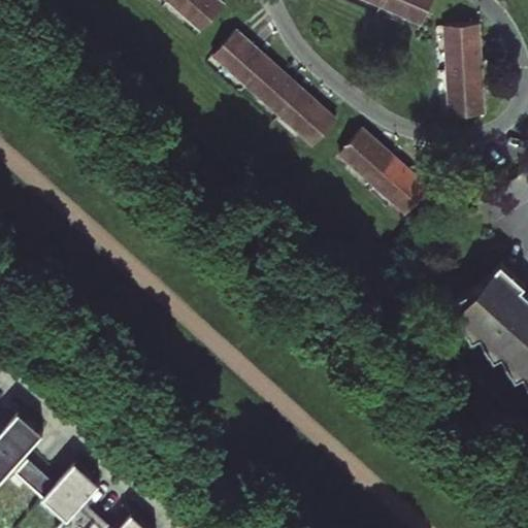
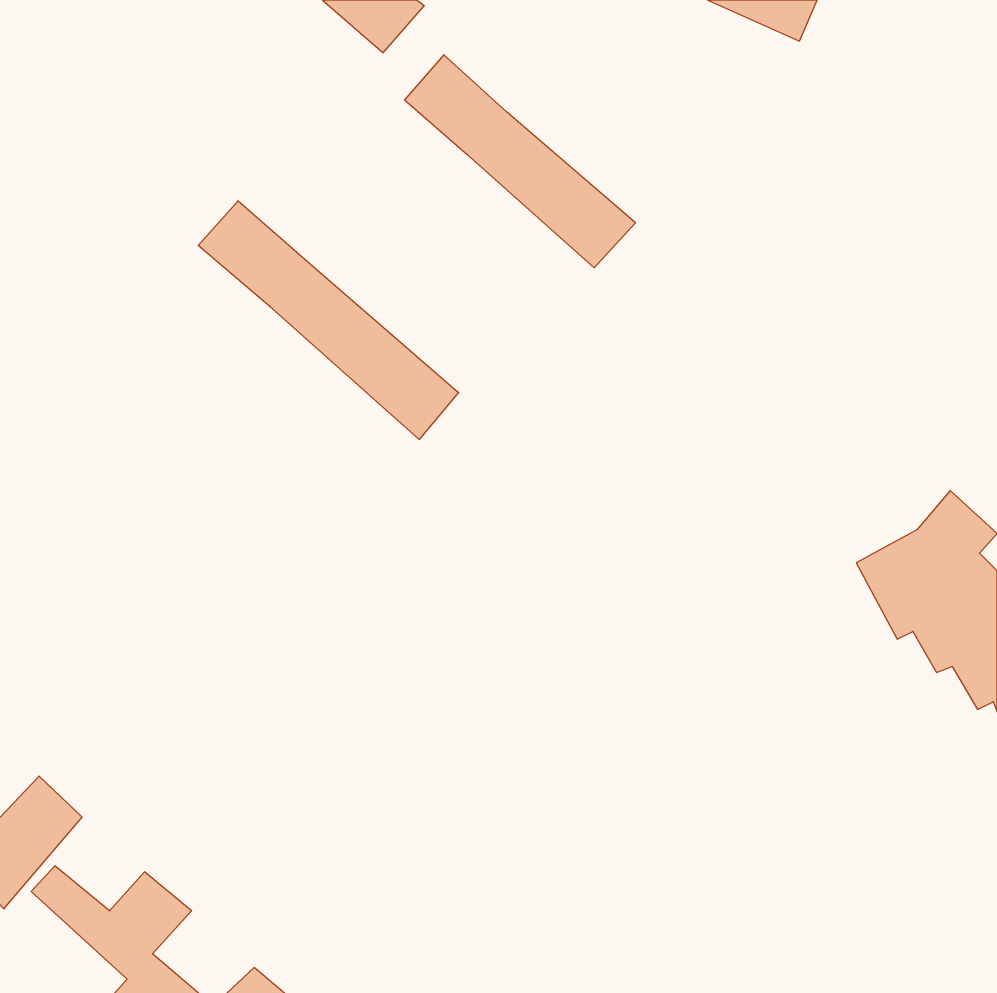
building: [446,25,483,116] -> none
building: none -> [198,201,459,439]
building: [339,129,427,212] -> none

